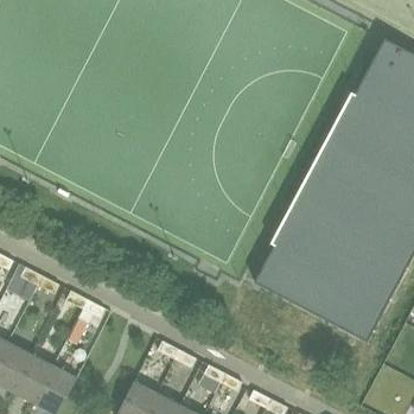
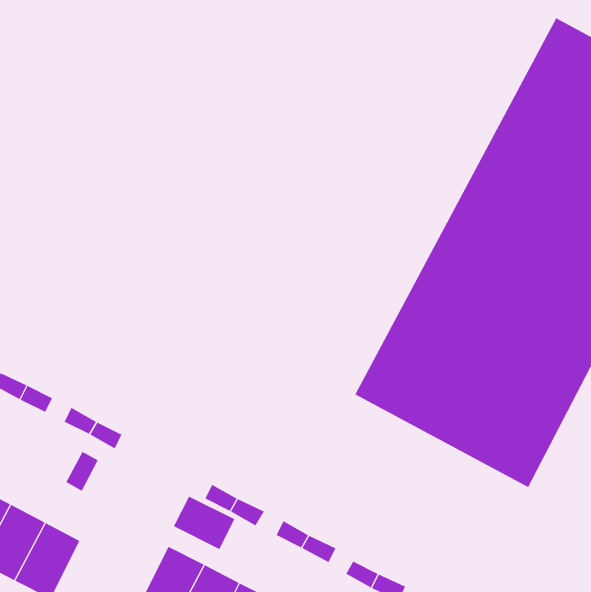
building: none -> [173,496,235,550]

